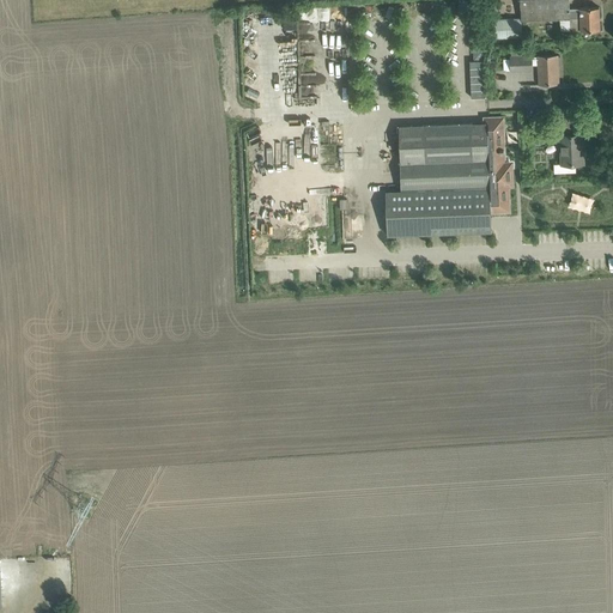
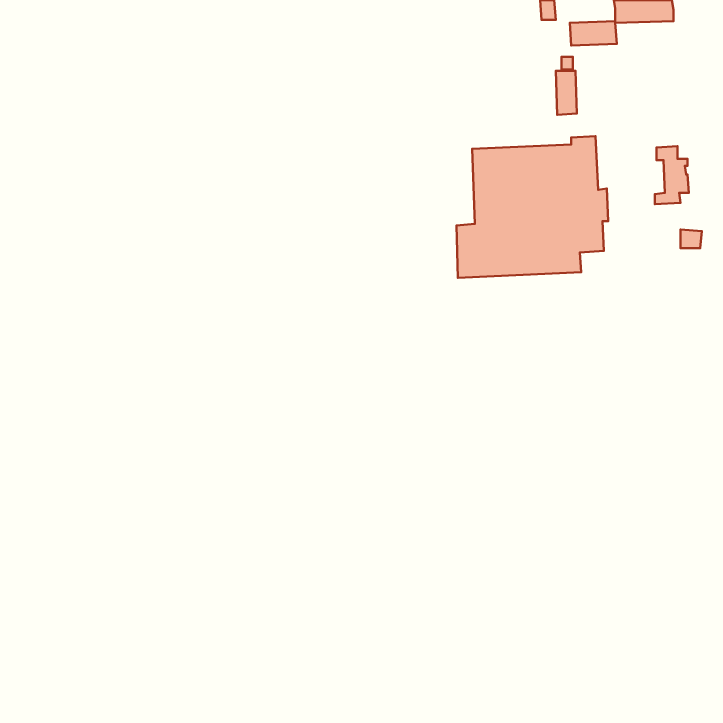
building: [569,8,599,31] -> none
building: [503,49,558,85] -> none

